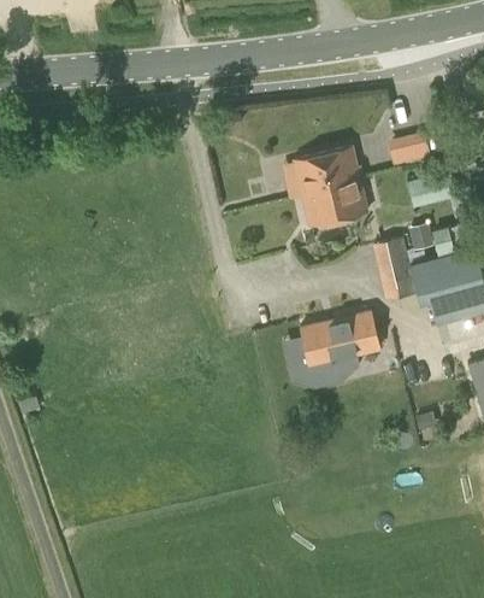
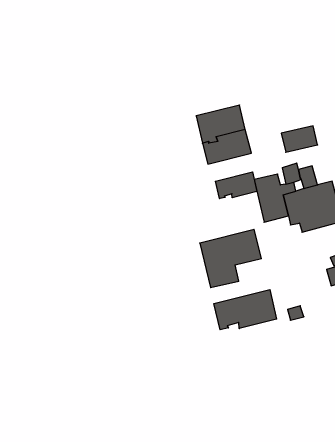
building: [386,133,430,168] -> none
building: none -> [215,172,257,199]
building: none -> [214,290,277,330]

